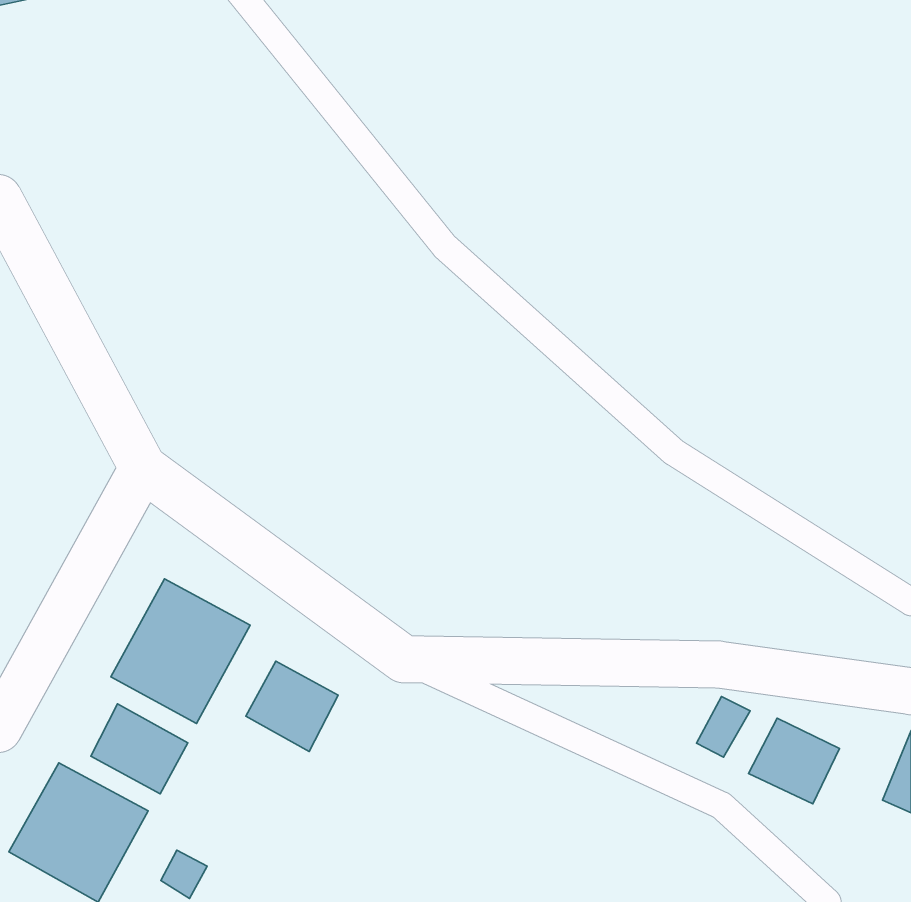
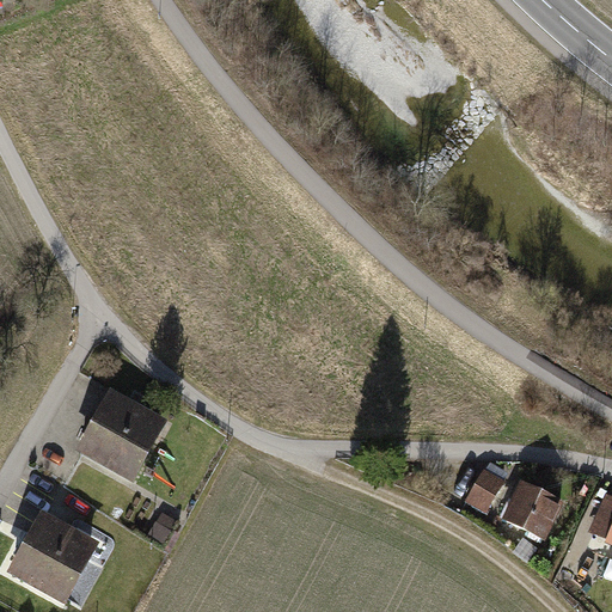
building: [246,661,338,751] -> none
building: [91,704,188,794] -> none

